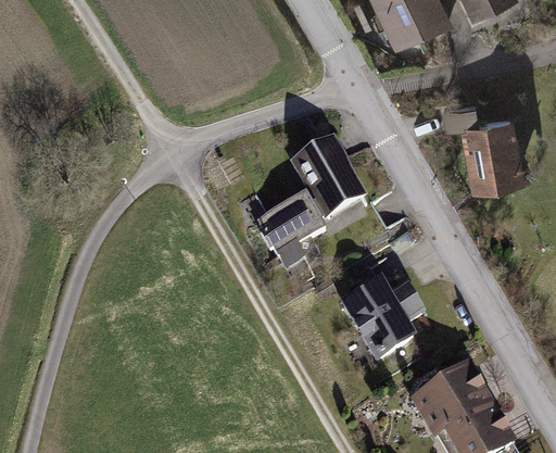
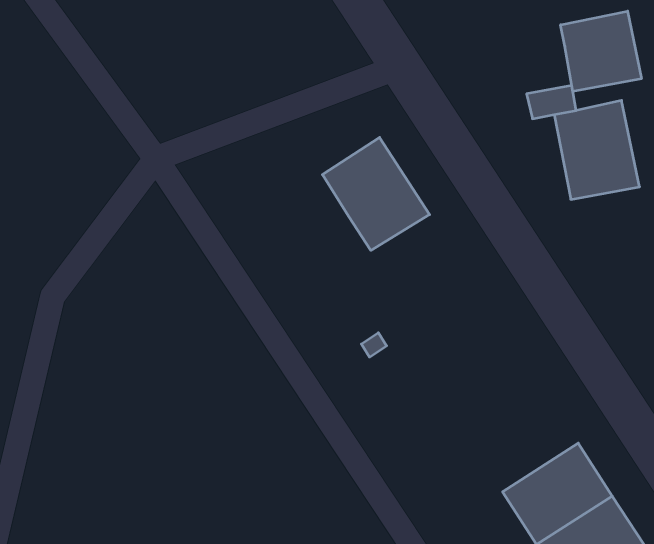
building: none -> [561,11,641,91]
building: [255,188,328,267] -> none
building: [340,276,424,362] -> none

